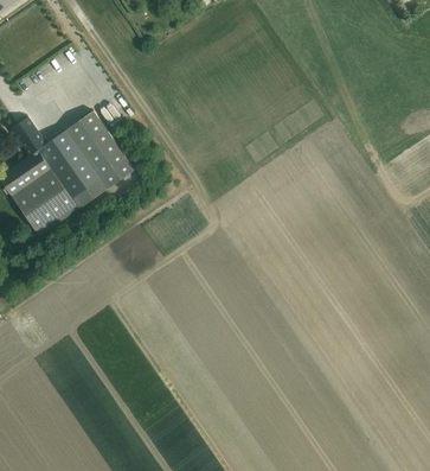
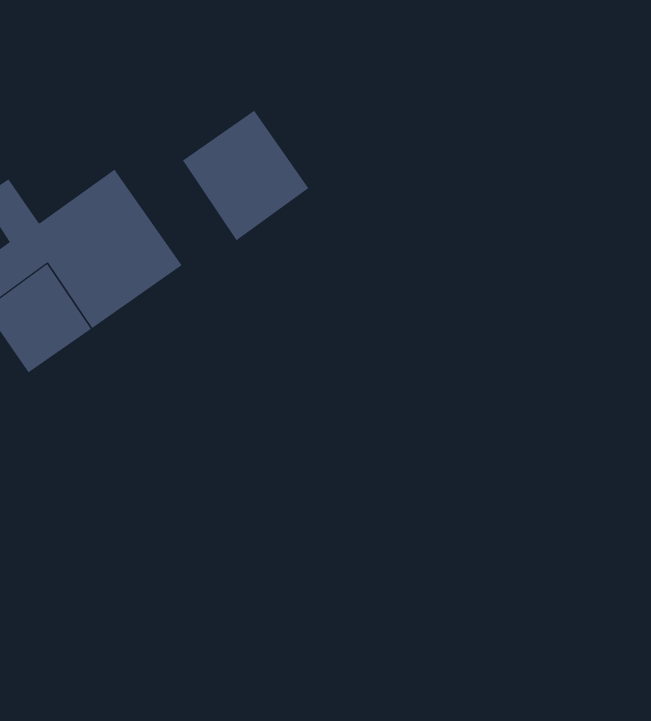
building: none -> [182,110,309,241]

